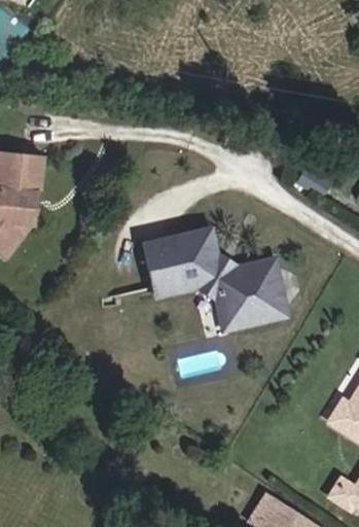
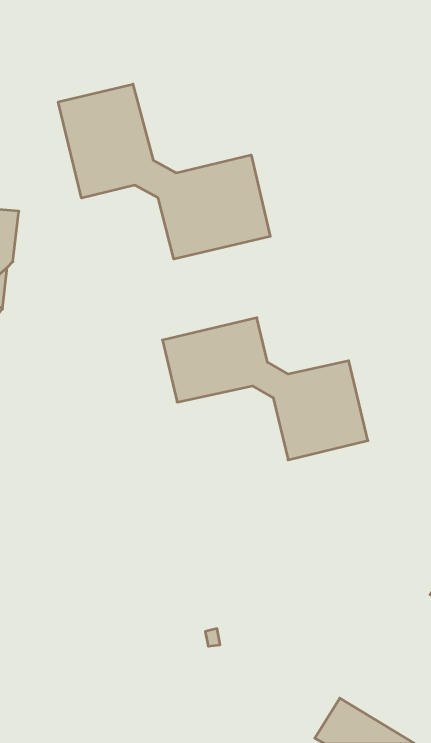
building: none -> [58,84,270,259]

